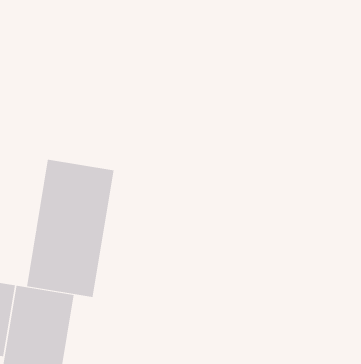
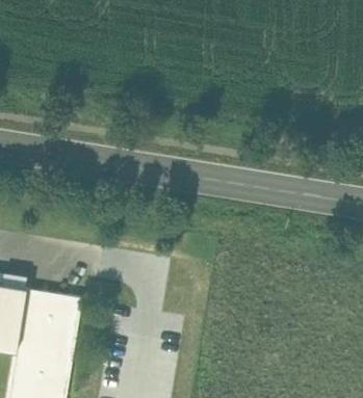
building: [26,159,114,298] -> none

